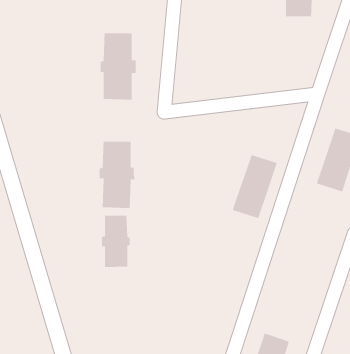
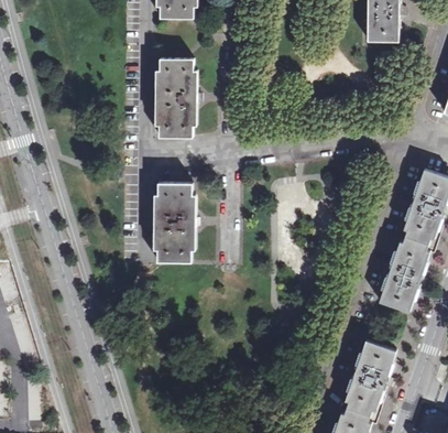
building: [232,154,278,219] -> [381,234,434,308]
building: [101,215,130,268] -> none
building: none -> [343,340,395,414]

